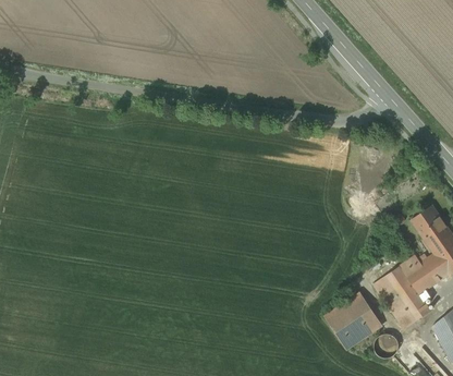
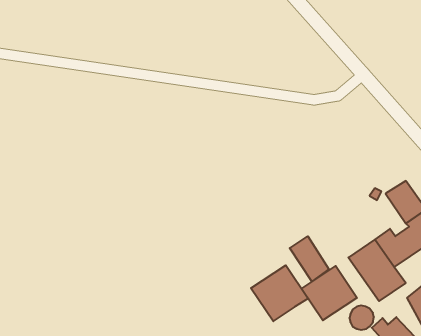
building: none -> [290,236,329,282]
building: none -> [251,265,308,321]

